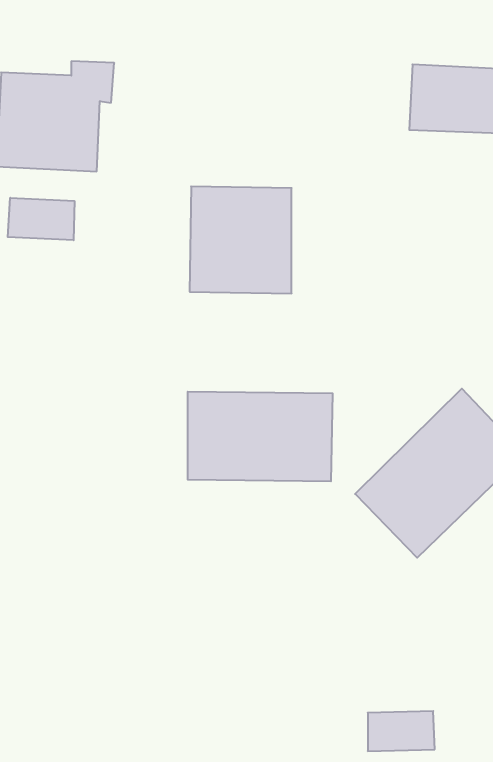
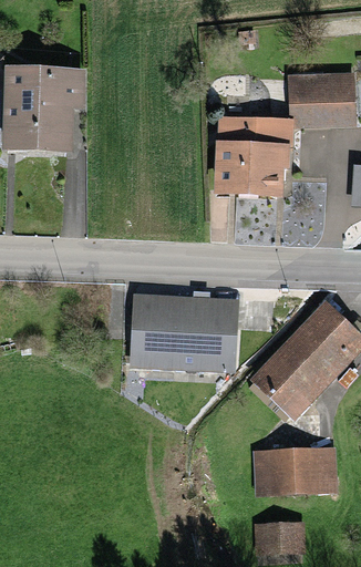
building: [190,186,292,293] -> [216,121,287,195]
building: [8,198,74,240] -> none
building: none -> [258,452,338,489]

